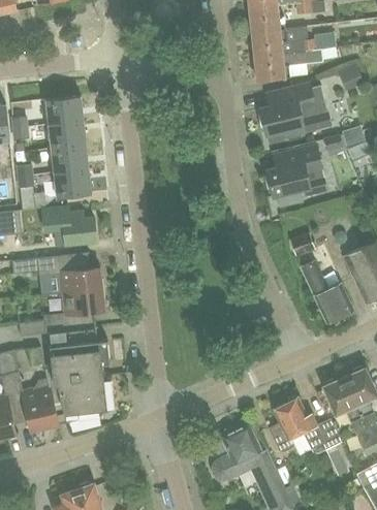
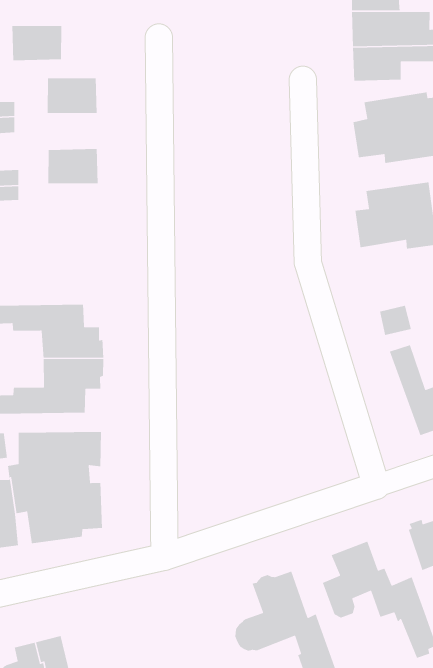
building: [48,120,85,148] -> [11,25,62,61]
building: [53,168,90,196] -> none
building: [41,205,95,245] -> none

